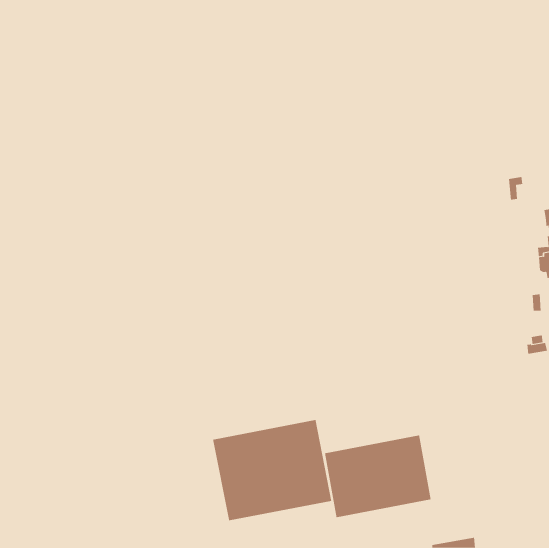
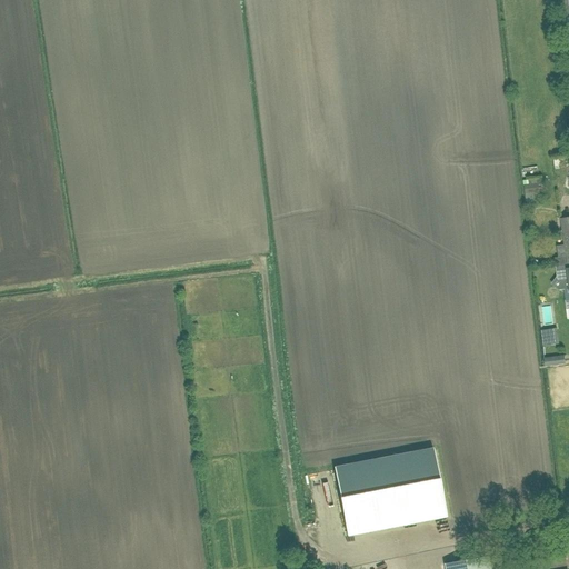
building: [212,419,332,521] -> none

